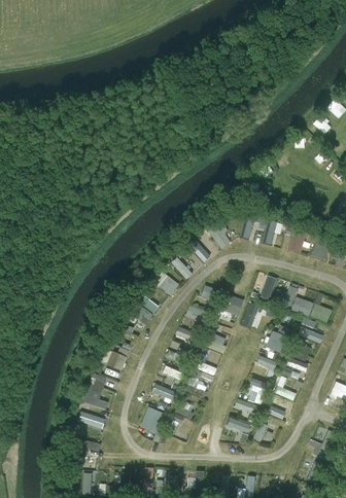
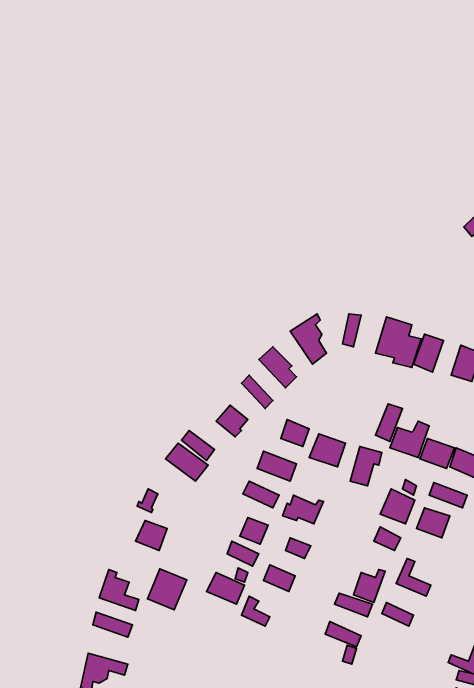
building: [139,407,165,434] -> [147,569,187,610]

